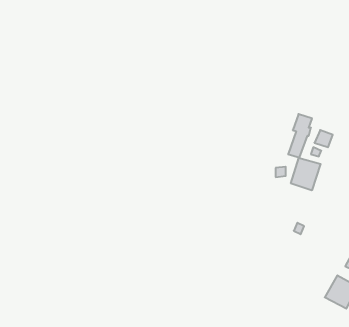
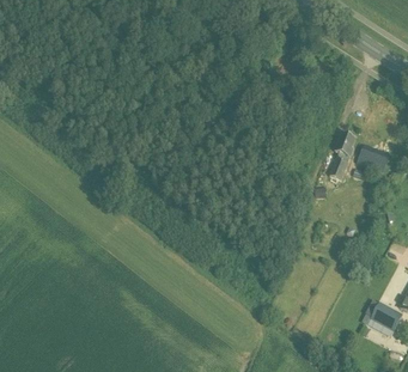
building: [291,158,321,190] -> none

